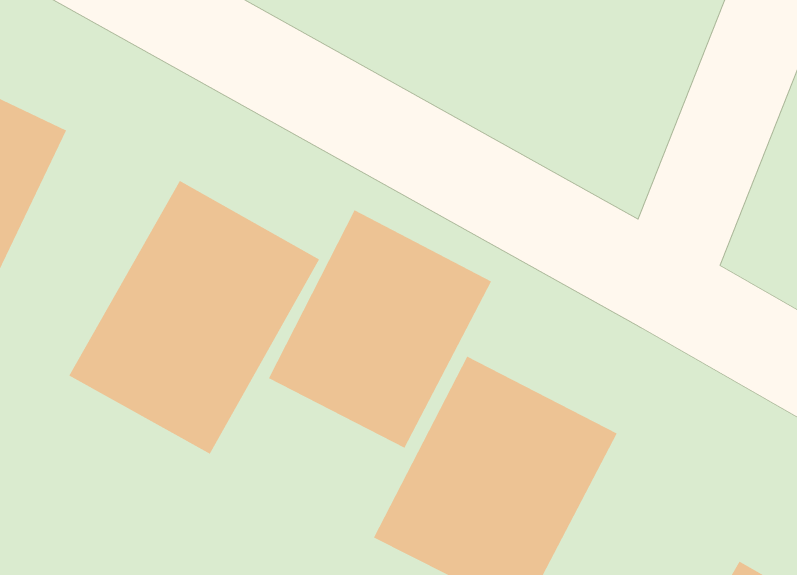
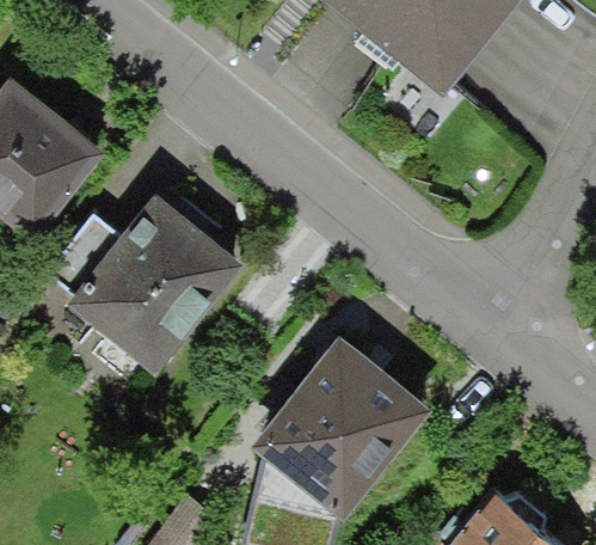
building: [268,209,492,449] -> none

